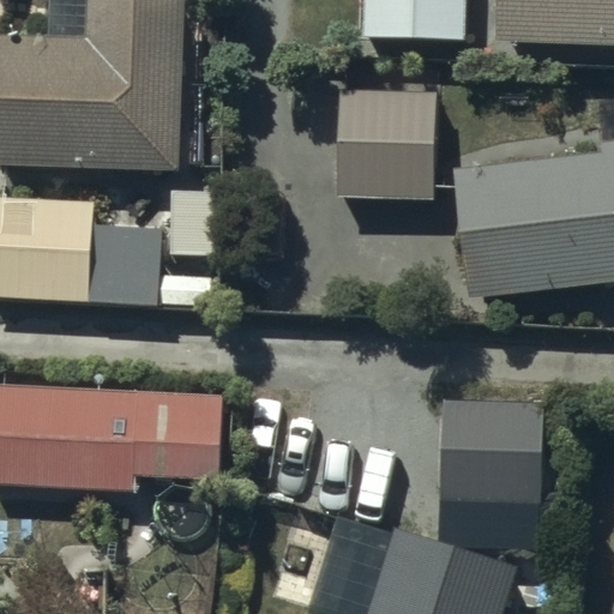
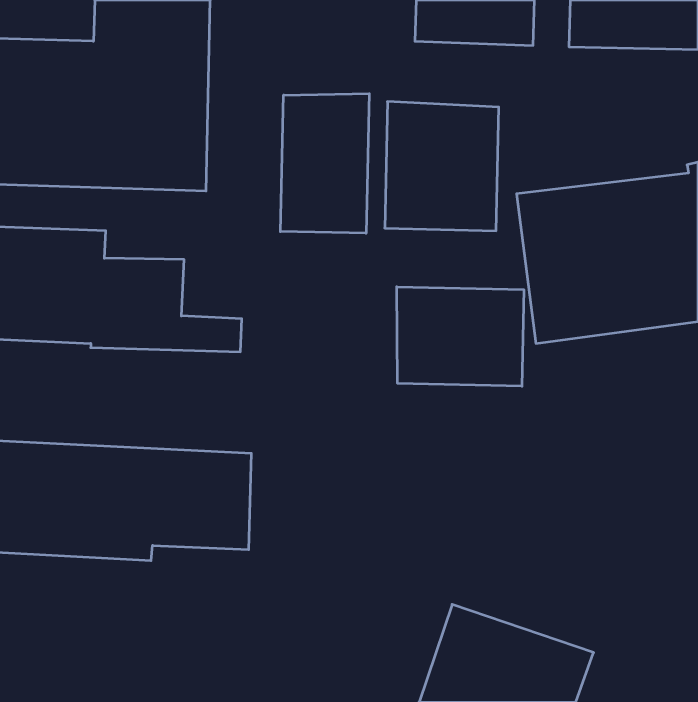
building: none -> [280,94,369,233]
building: none -> [397,287,524,386]
building: [439,405,541,502] -> none

